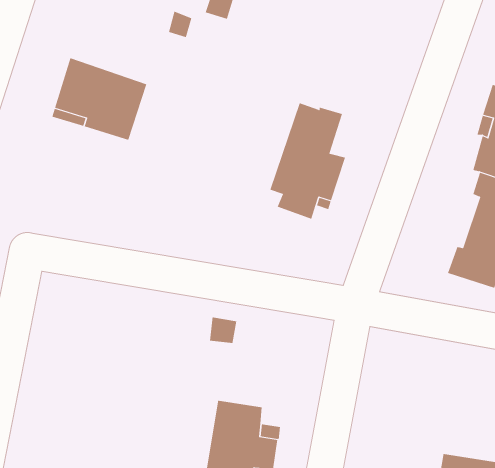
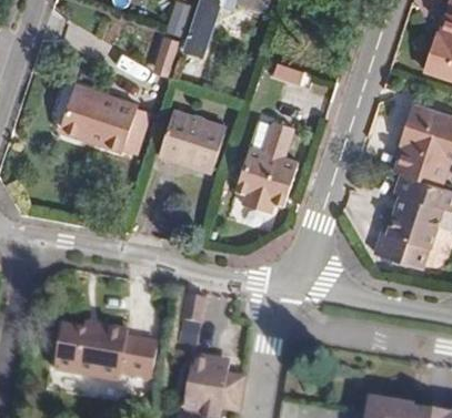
building: none -> [161,110,227,171]
building: none -> [58,322,158,376]

